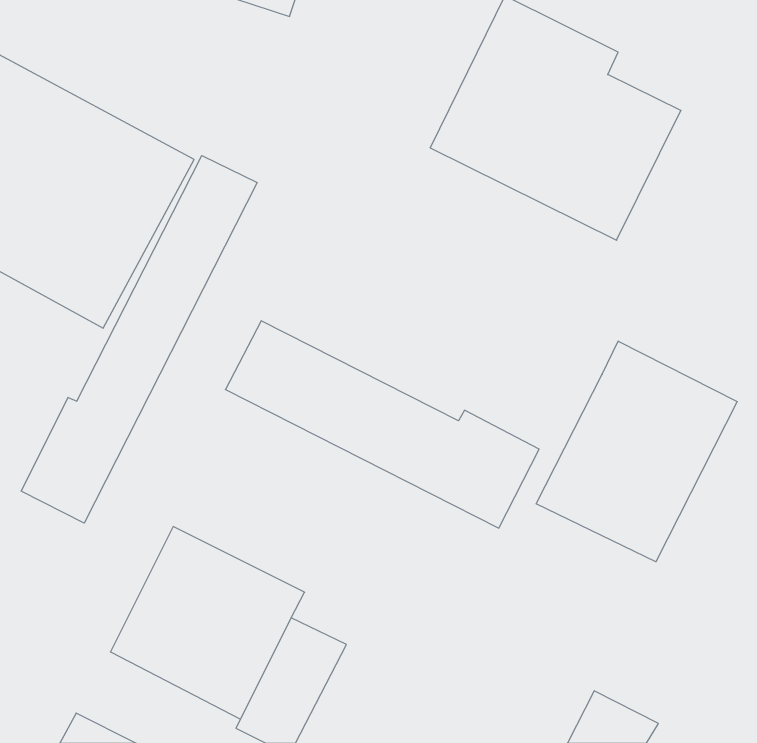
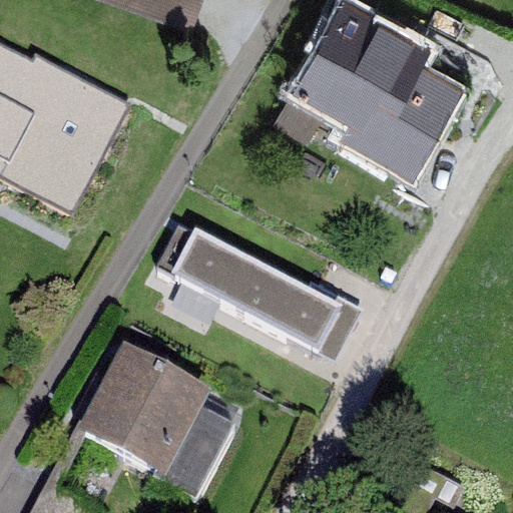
building: [21,156,257,523] -> none
building: [536,341,737,562] -> none

